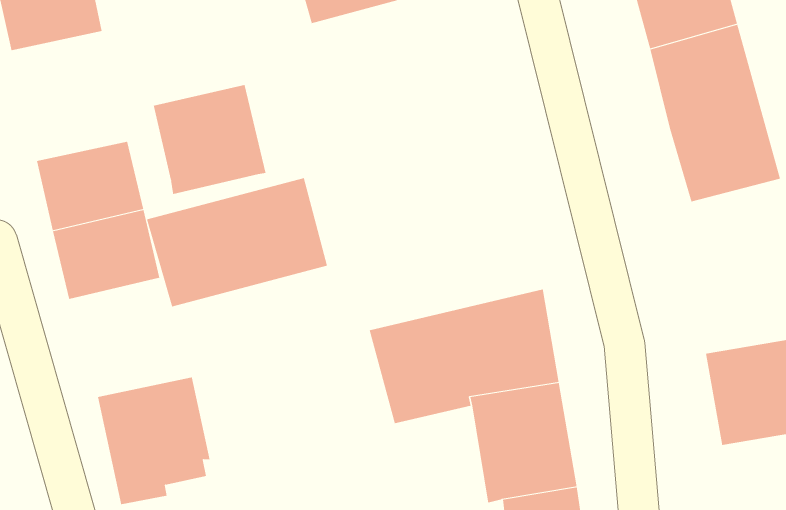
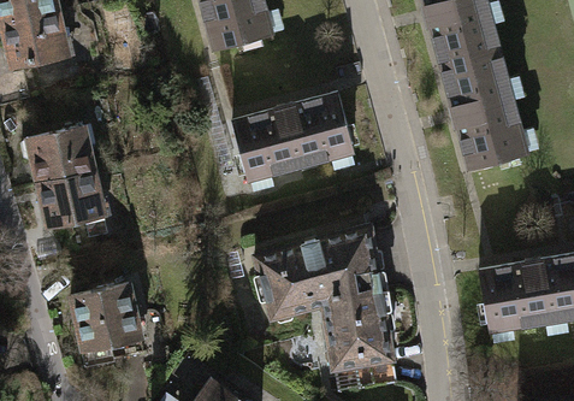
building: [153,84,266,195] -> none
building: [146,178,328,307] -> [230,94,351,181]

